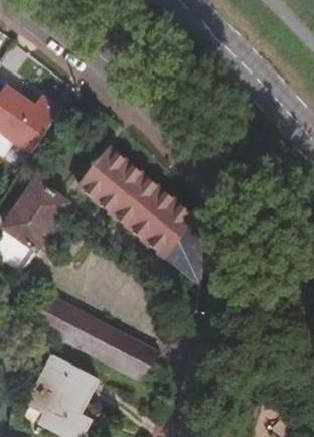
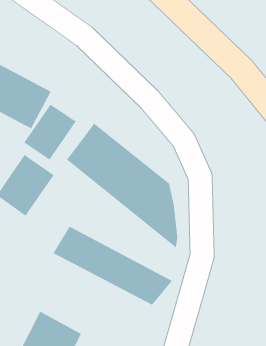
building: none -> [24,104,76,161]
building: [27,293,159,381] -> [53,226,173,306]

